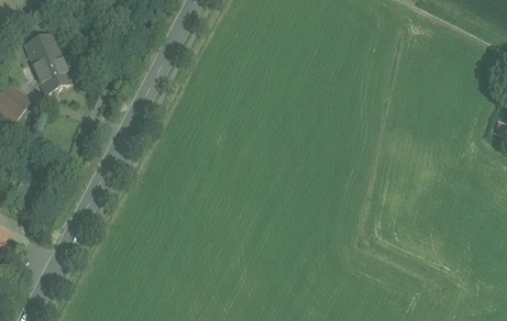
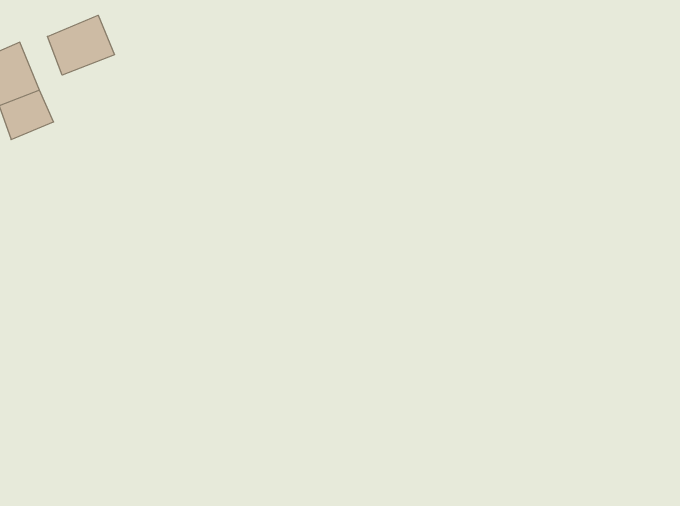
building: none -> [47,15,114,75]

